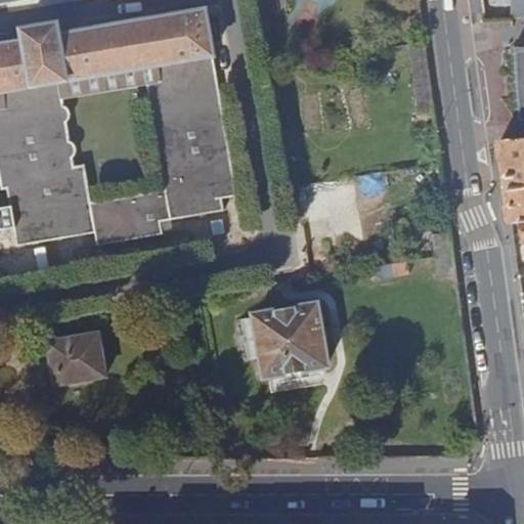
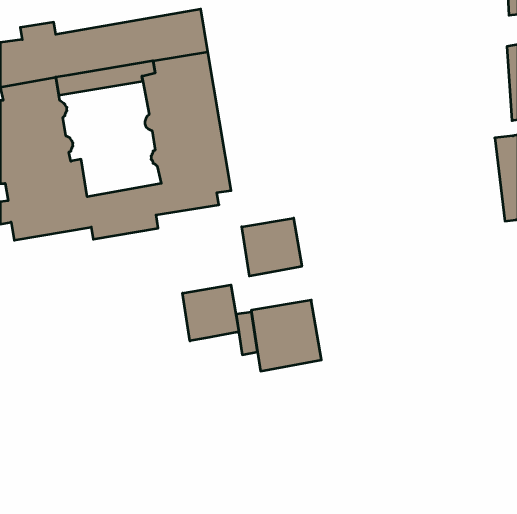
building: none -> [242,218,302,276]
building: none -> [183,285,239,341]
building: [50,333,108,384] -> none

